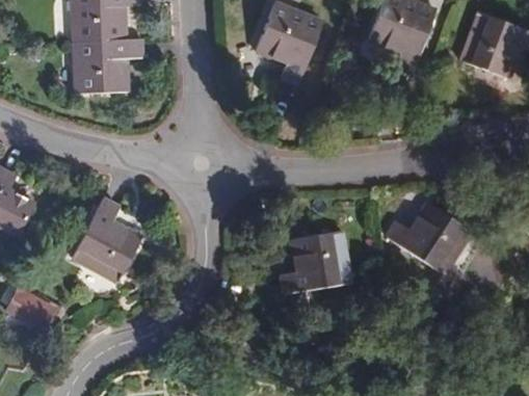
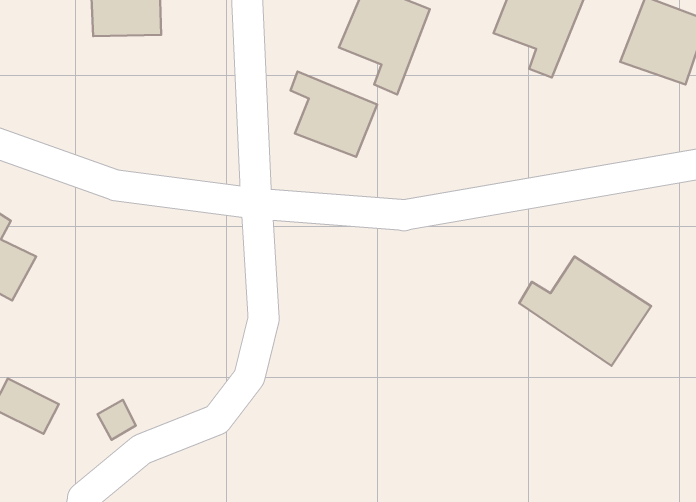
building: [75,38,141,94] -> none
building: none -> [291,72,377,157]
building: [71,199,140,281] -> none
building: [280,230,349,292] -> none

